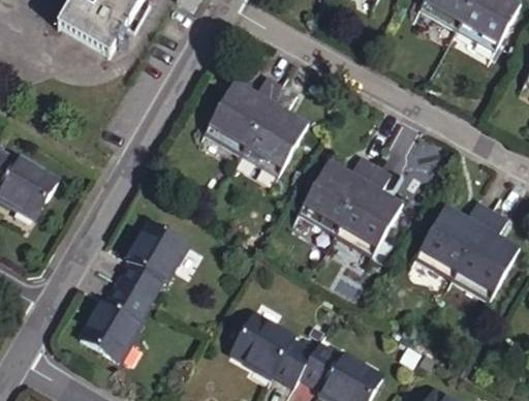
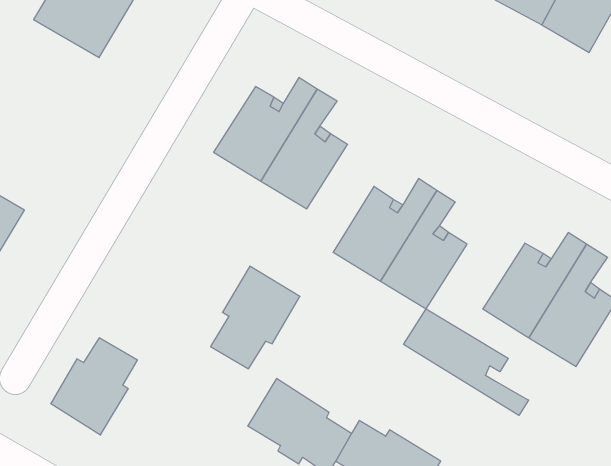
building: [113,215,183,296] -> [211,266,300,369]
building: none -> [404,309,529,415]

